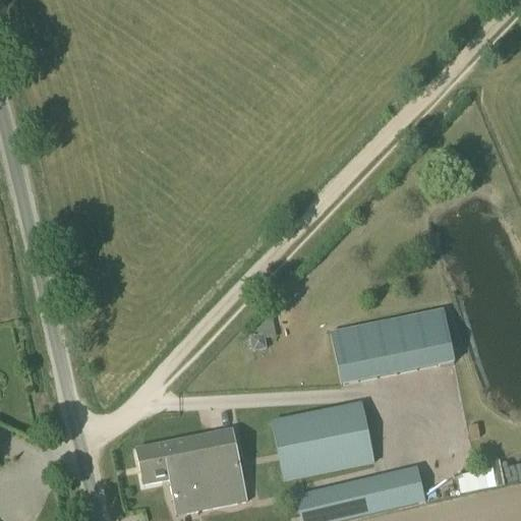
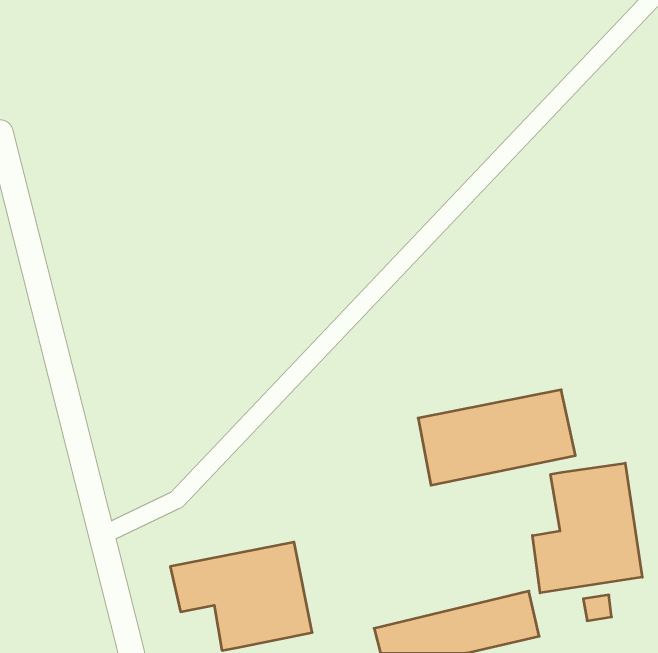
building: none -> [532,463,642,593]
building: [272,401,373,479] -> none

